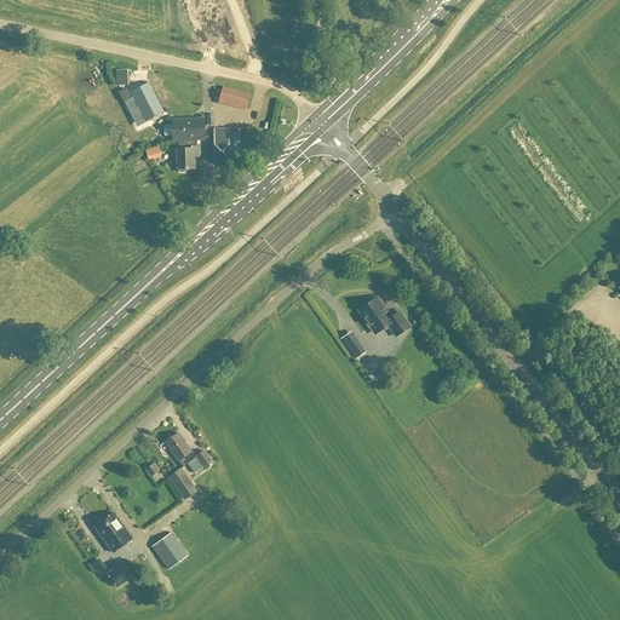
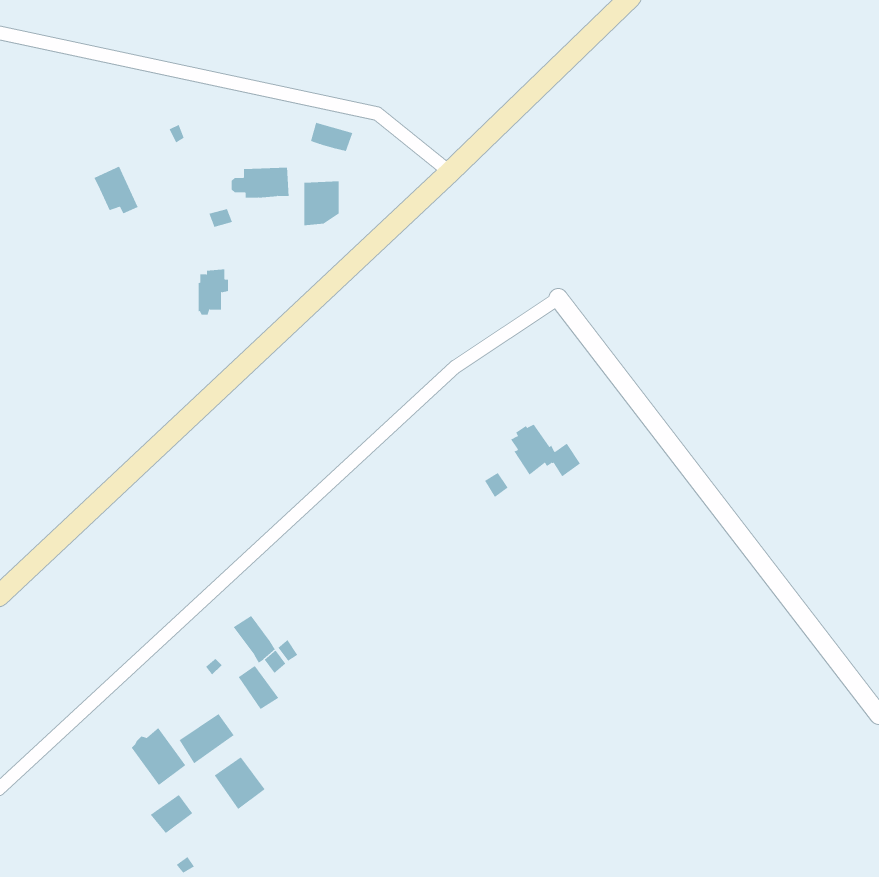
building: [130,82,161,116] -> [94,166,138,214]
building: [176,138,197,171] -> [198,269,229,315]
building: none -> [179,713,235,764]

